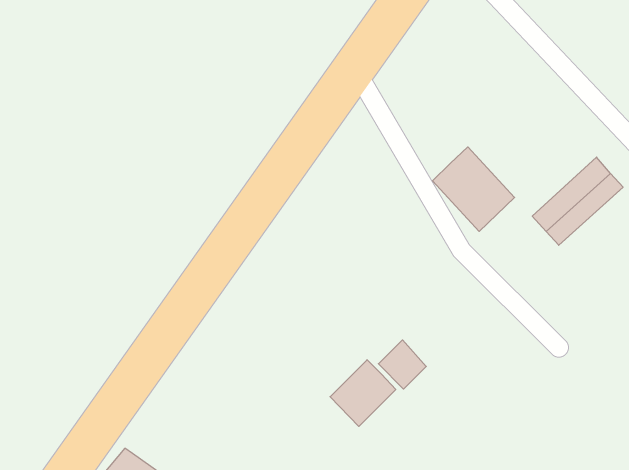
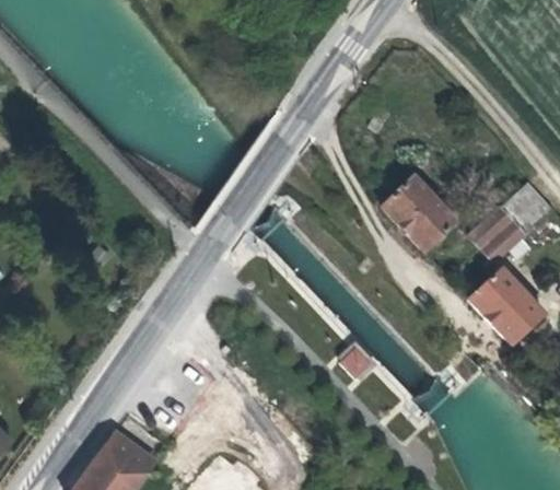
building: none -> [472,269,541,339]
building: [330,360,396,426] -> none

